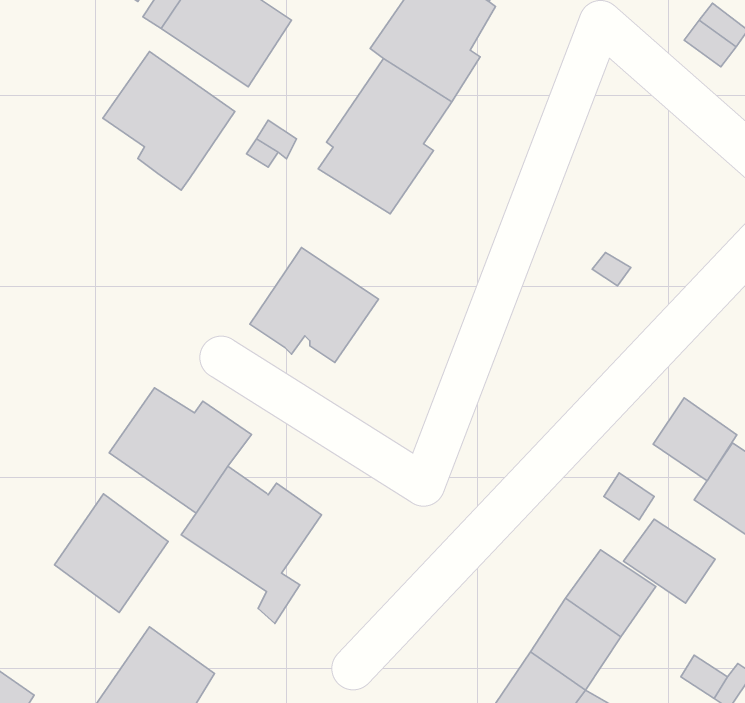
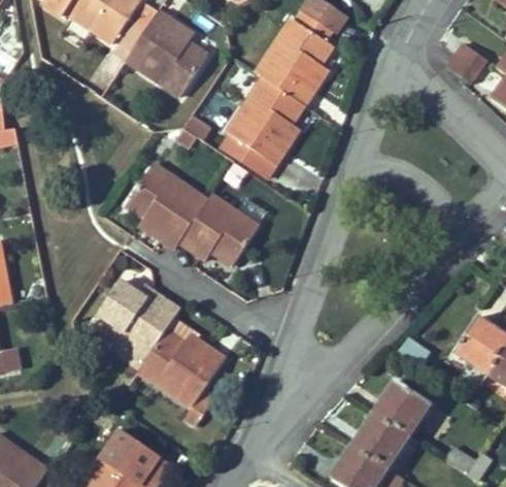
building: [103,51,235,190] -> [127,163,208,249]
building: [653,398,737,481] -> none
building: [55,494,168,612] -> none
building: [624,519,715,603] -> none

